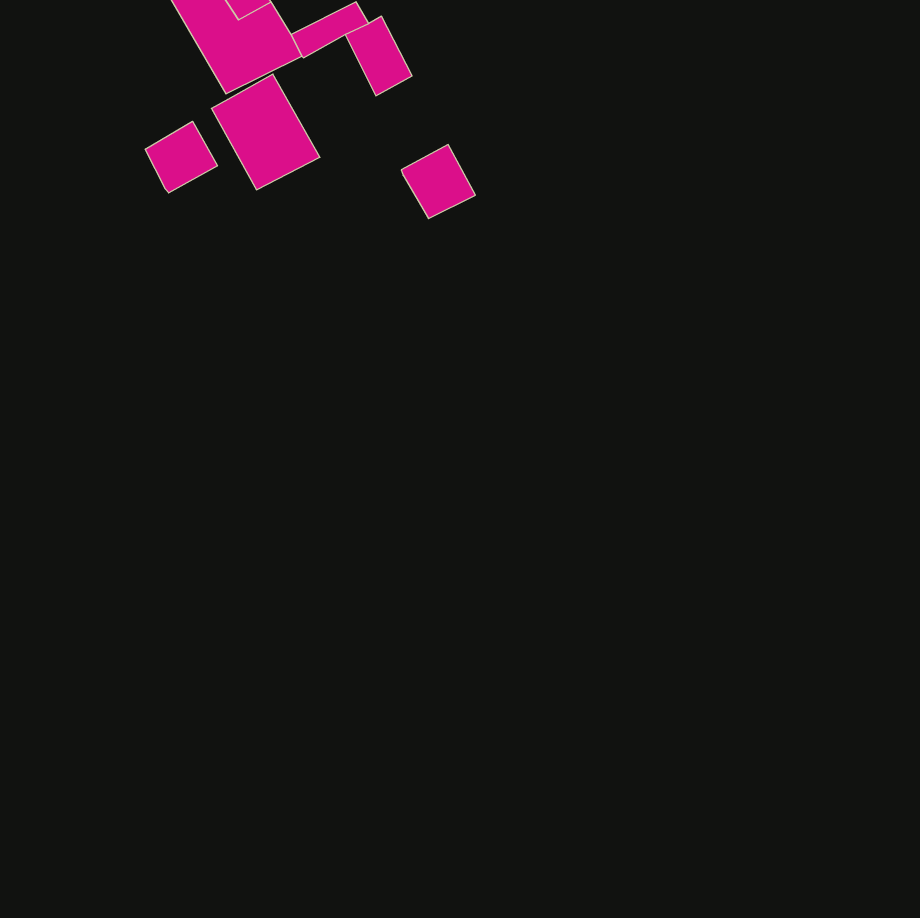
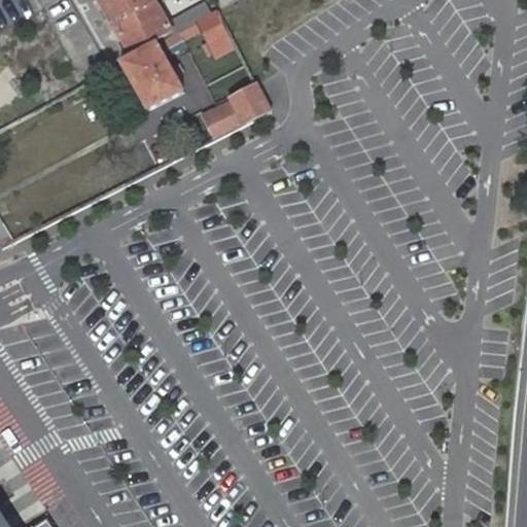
building: [145,121,217,193] -> none
building: none -> [202,100,244,139]

